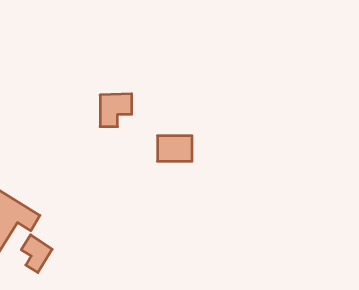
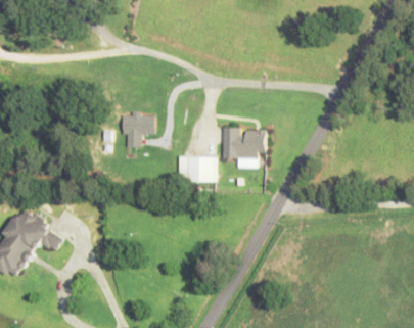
building: none -> [222,128,265,157]
building: [21,235,52,273] -> none

